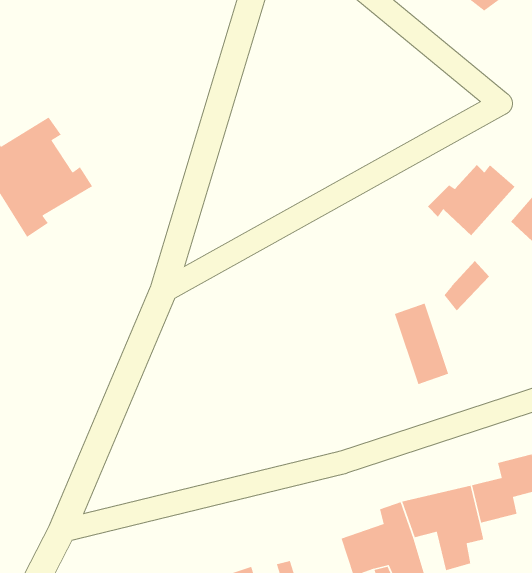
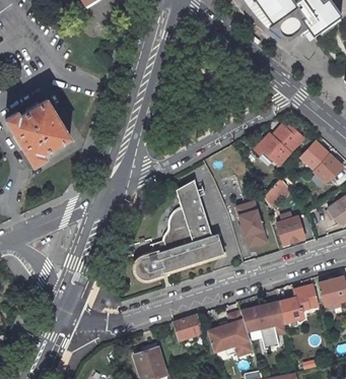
building: none -> [135,180,224,279]
building: none -> [277,216,304,244]
building: none -> [174,315,202,340]

